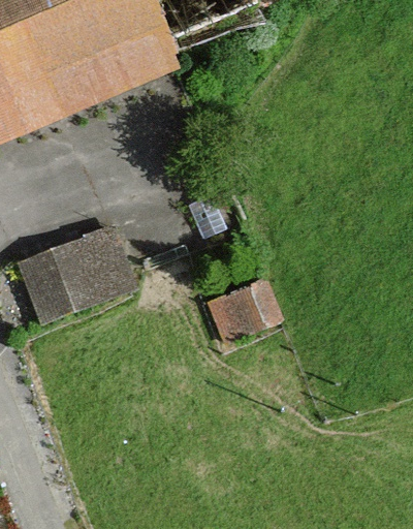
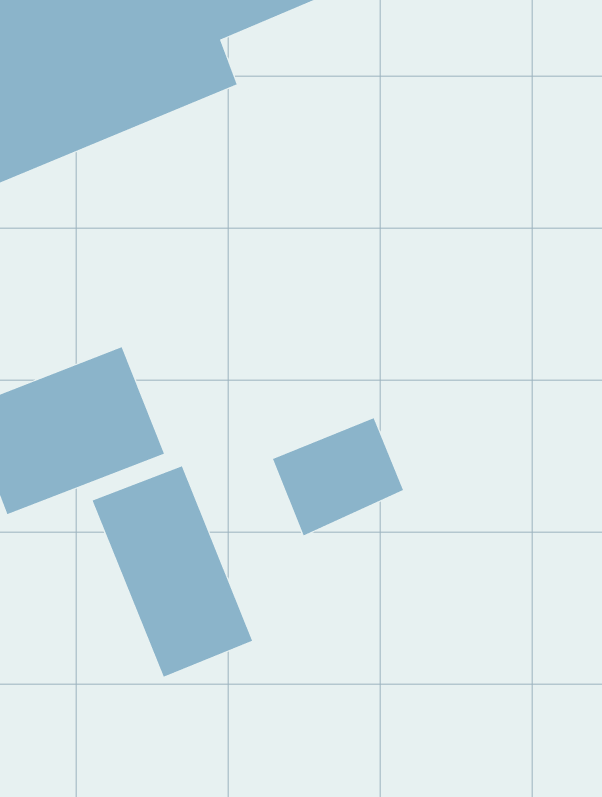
building: none -> [92,466,253,677]

